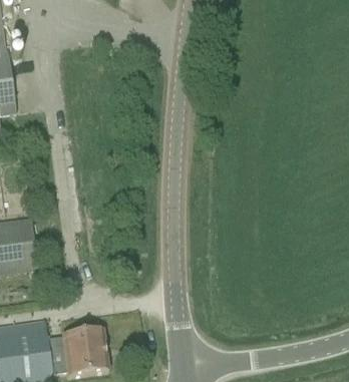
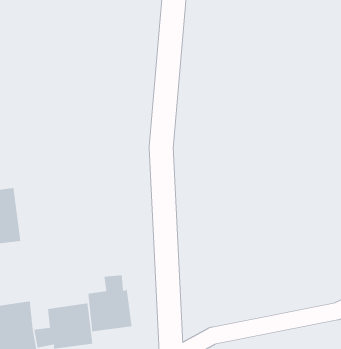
building: none -> [88,274,132,332]

